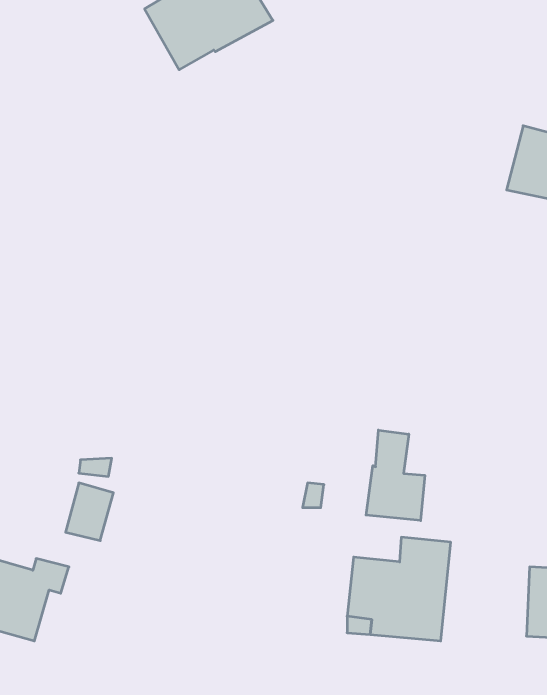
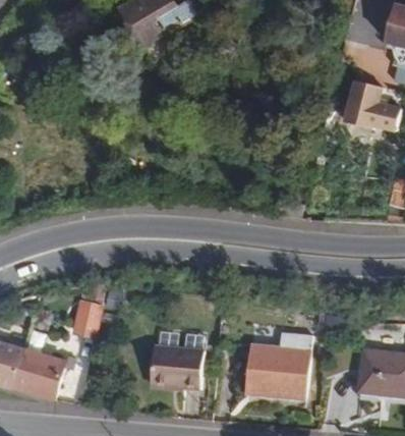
building: [366,430,425,521] -> none
building: none -> [148,344,199,387]

